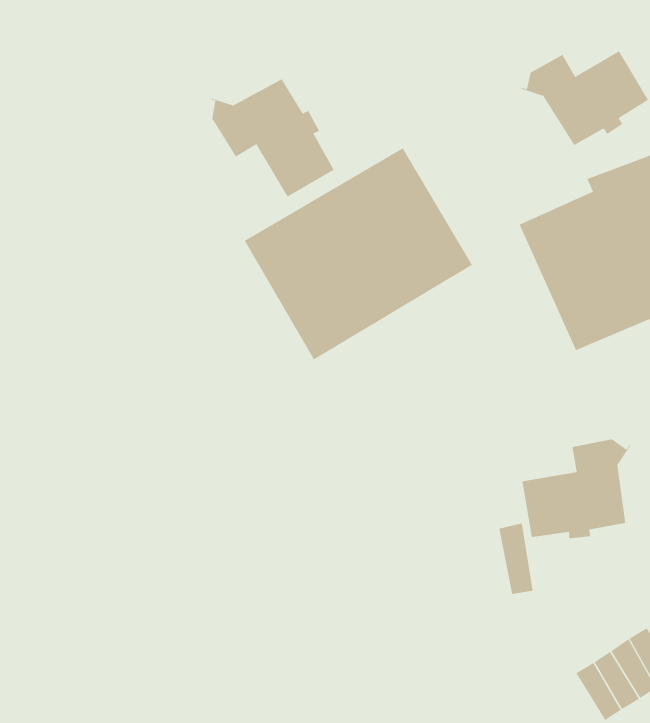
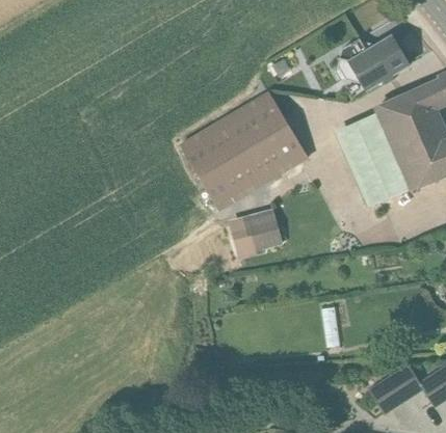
building: [209,79,334,198] -> none
building: none -> [234,206,285,256]
building: [522,439,631,539] -> none

